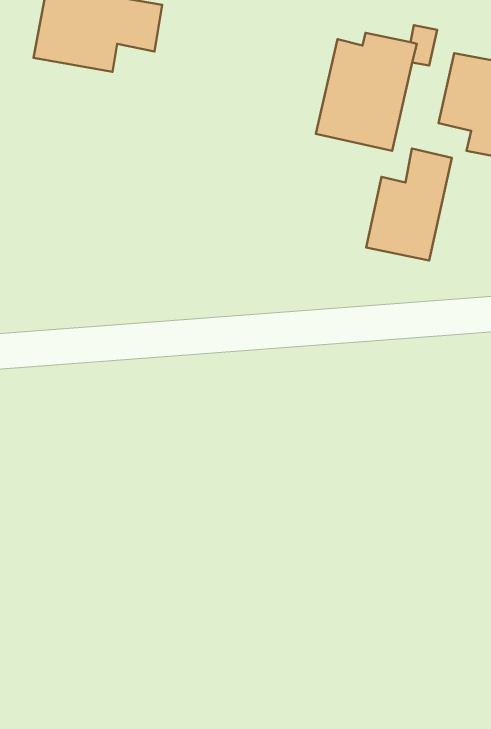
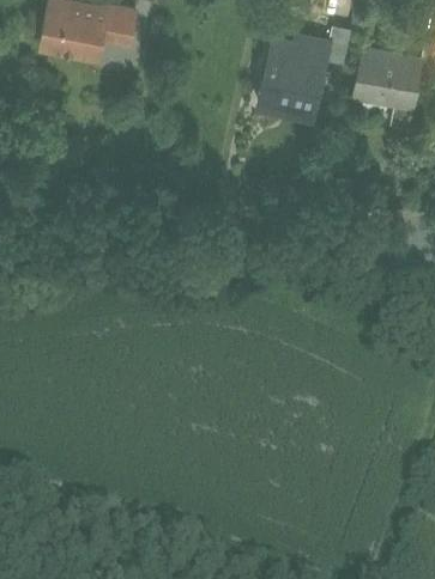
building: [366,149,452,260] -> none

